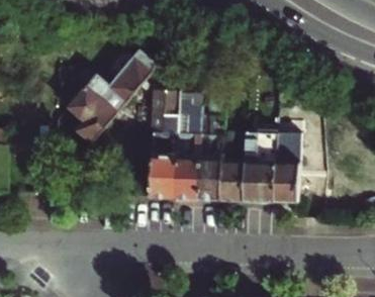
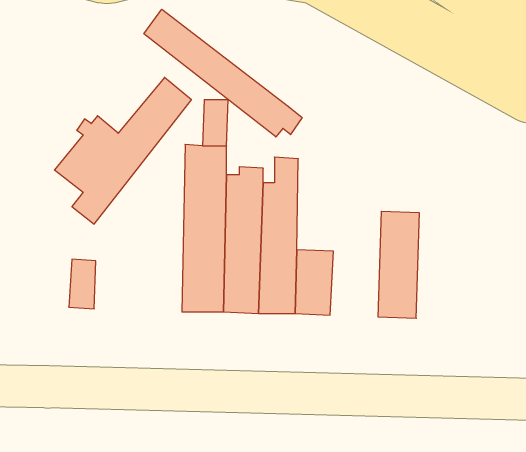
building: none -> [144,9,302,137]
building: [243,134,275,202] -> none

